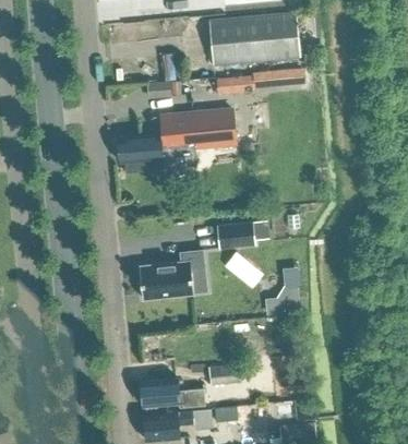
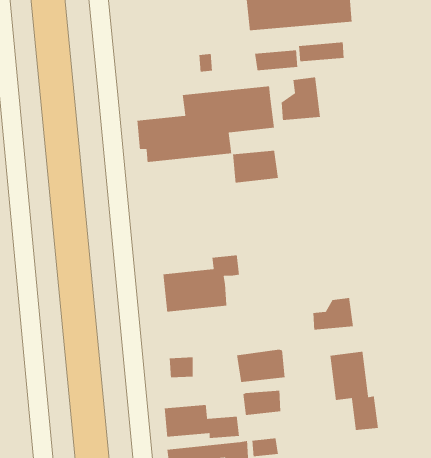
building: none -> [281,77,321,121]
building: [217,221,256,250] -> [232,150,279,184]
building: none -> [236,349,285,383]
building: none -> [329,351,379,431]

